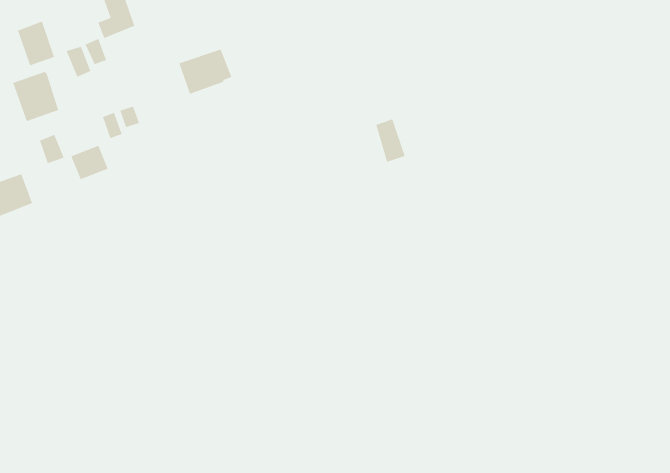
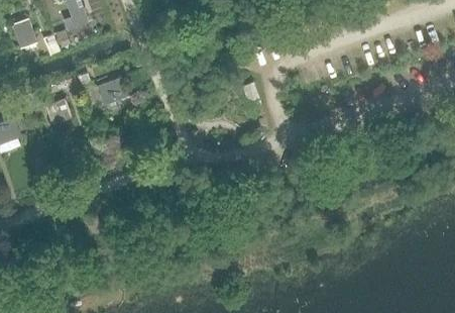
building: [179,49,232,94] -> [97,77,131,106]
building: [12,71,59,122] -> none

